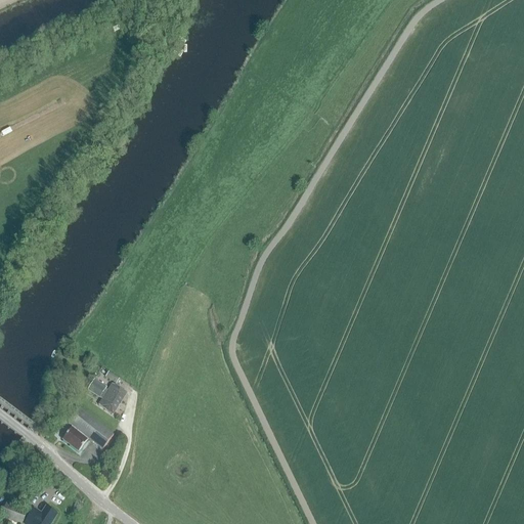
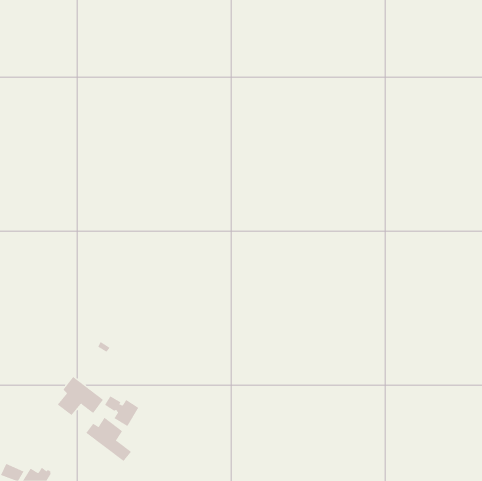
building: [89,379,127,412] -> [104,396,139,427]
building: none -> [86,417,132,462]

